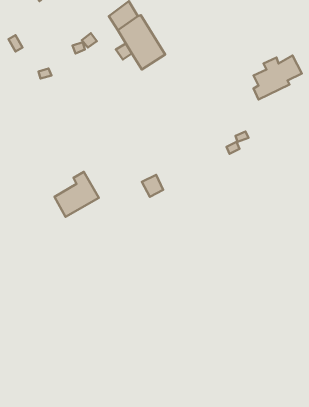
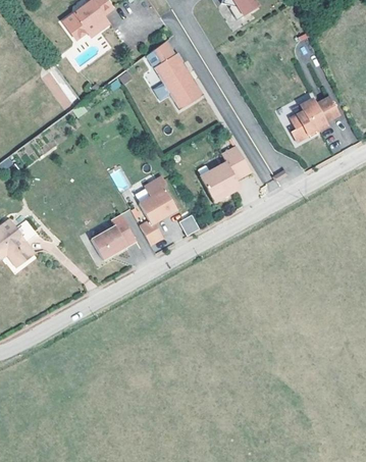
building: none -> [198,145,250,200]
building: none -> [138,175,176,244]

